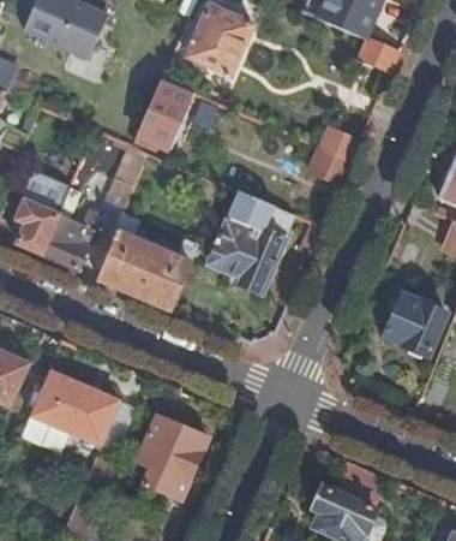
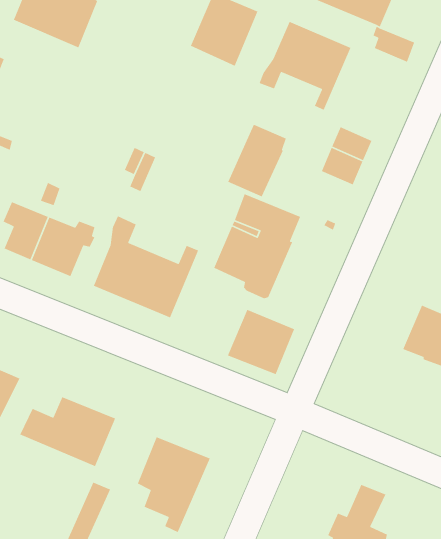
building: none -> [258,21,351,111]
building: [138,79,193,148] -> [227,124,287,198]
building: none -> [227,309,295,375]

